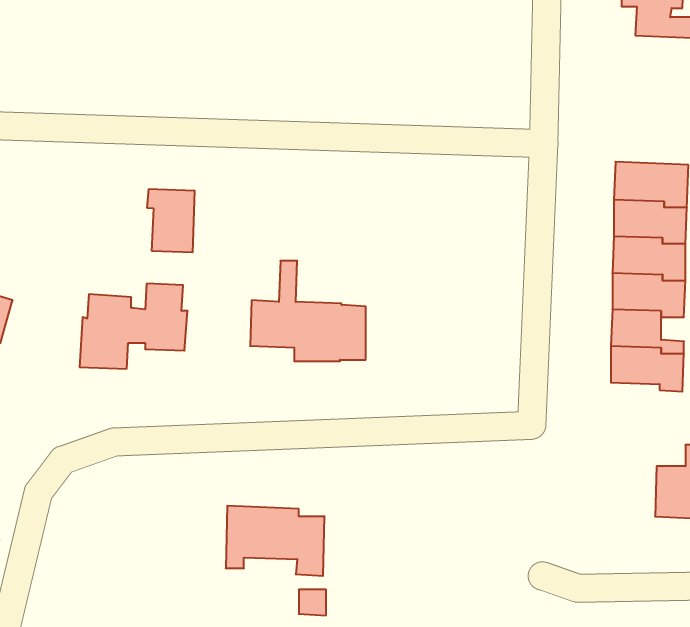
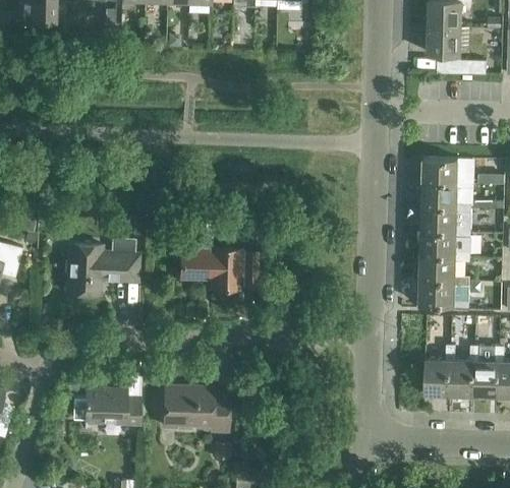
building: [147,189,195,252] -> none
building: none -> [424,346,456,394]
building: none -> [71,390,137,425]

